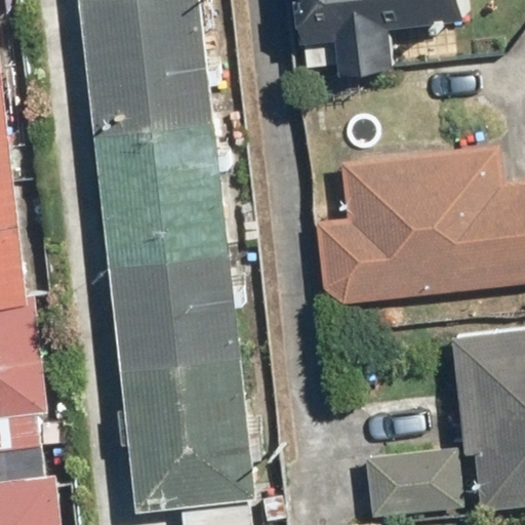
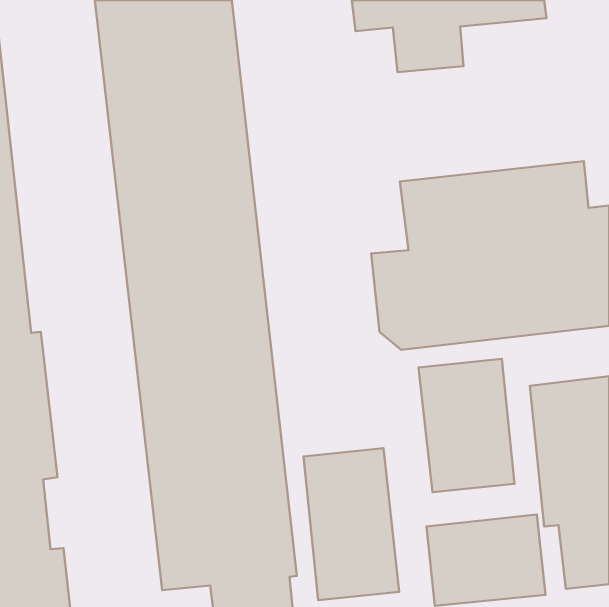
building: none -> [419,359,514,492]
building: none -> [304,448,399,600]

